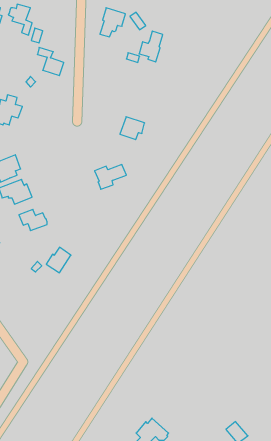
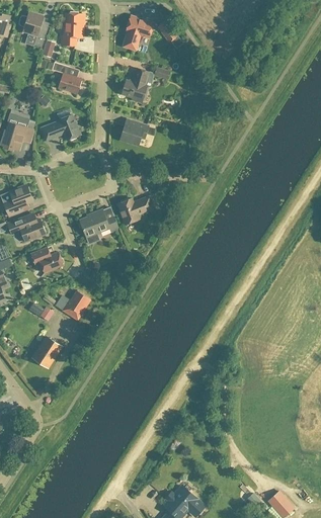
building: none -> [61,12,84,45]
building: [139,31,163,62] -> [122,67,149,102]
building: none -> [41,113,81,140]
building: [120,117,145,140] -> [119,118,148,145]
building: none -> [79,208,118,243]
building: none -> [33,336,61,366]

